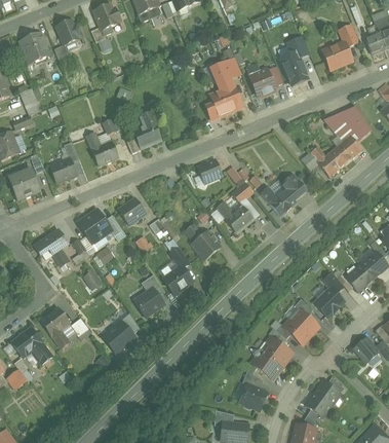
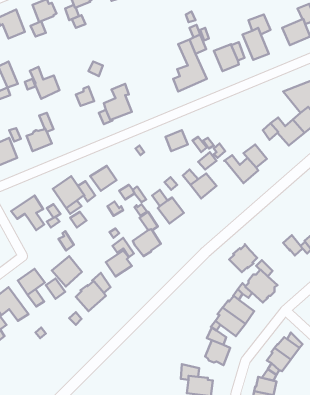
building: [86,132,118,165] -> [30,67,60,99]
building: [314,287,344,317] -> [229,244,257,272]
building: none -> [52,256,82,286]

